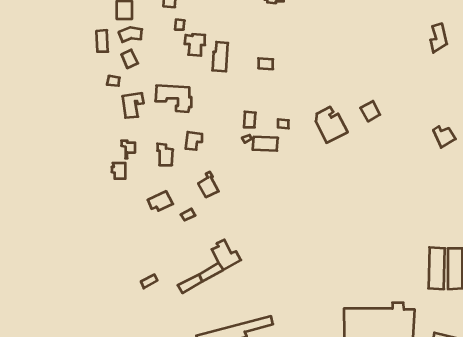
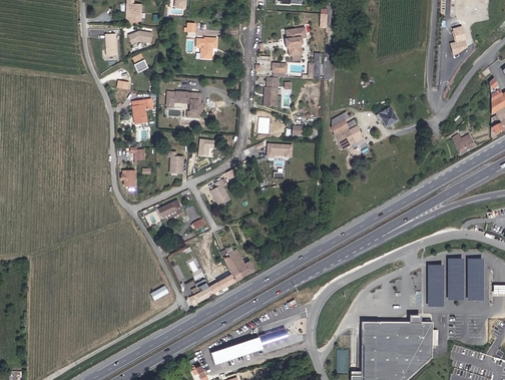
building: none -> [286,27,308,55]
building: [212,42,228,71] -> [264,76,280,106]
building: none -> [427,265,446,308]

